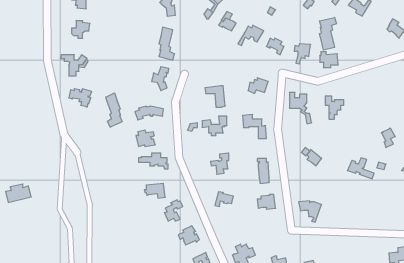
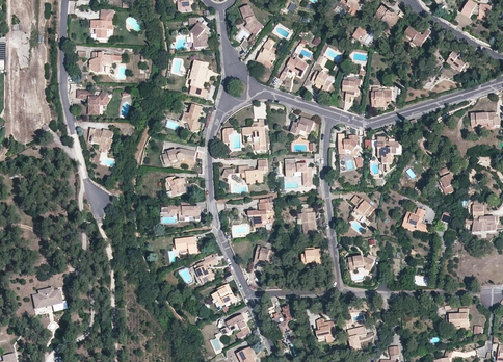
building: [319,17,337,50] -> none
building: [106,93,122,127] -> none
building: [6,184,31,202] -> [32,288,61,309]

